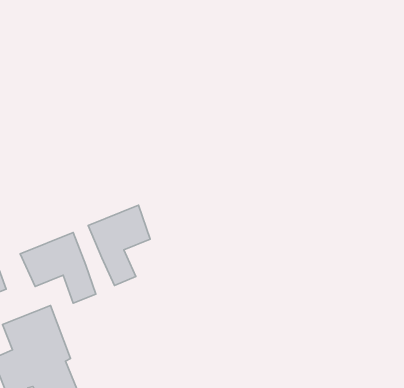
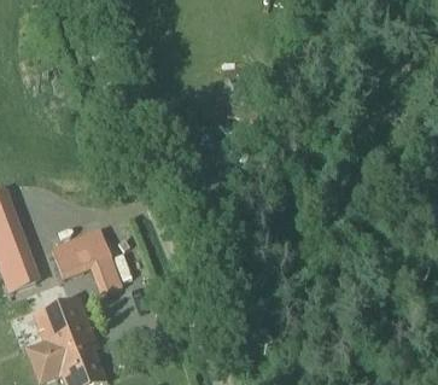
building: [88,205,150,286] -> none

